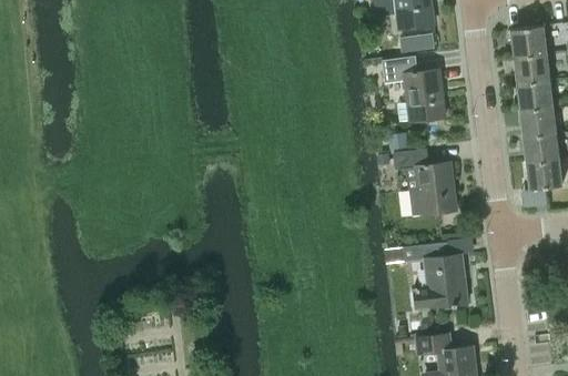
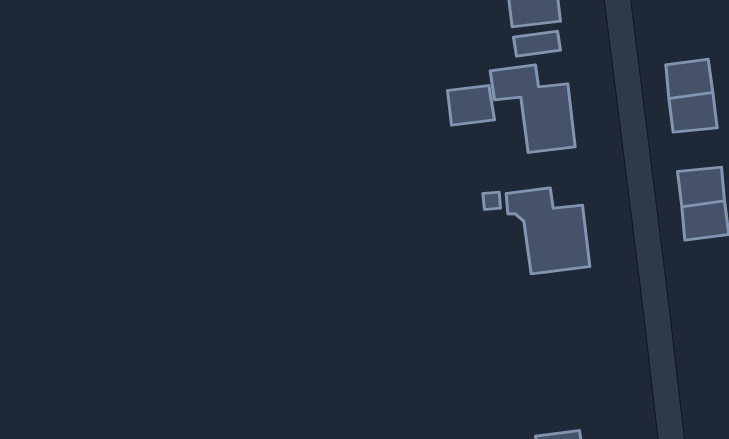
building: [510,27,546,57] -> none
building: none -> [447,85,495,125]
building: [519,104,556,138] -> none
building: [402,242,467,309] -> none

